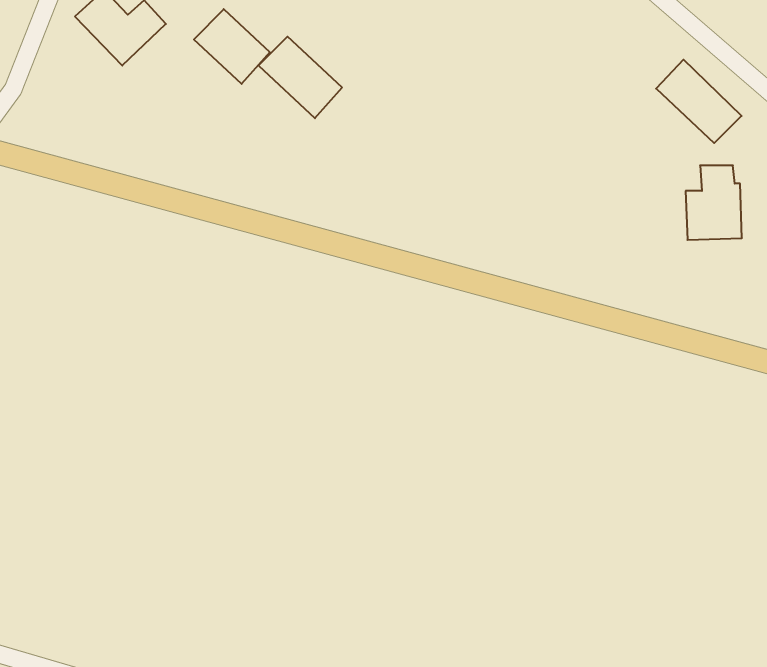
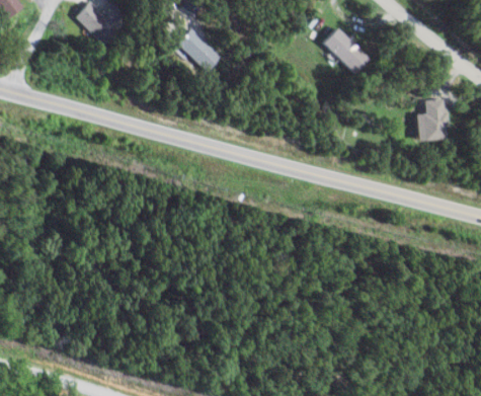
building: [194,9,270,84] -> none
building: [656,60,742,143] -> [323,26,371,73]

